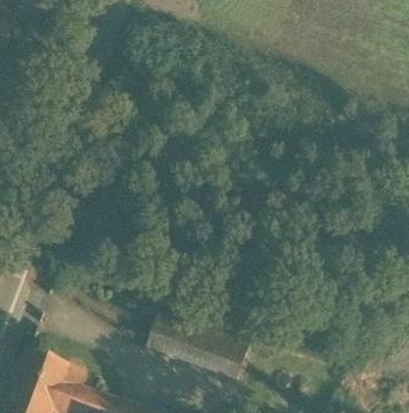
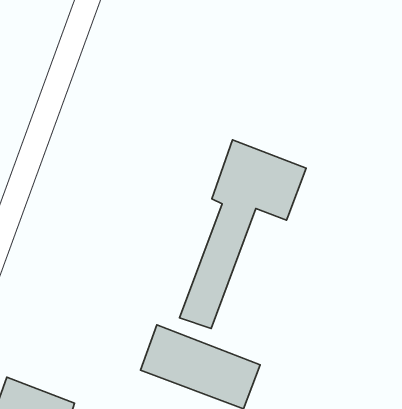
building: none -> [180,140,306,329]

